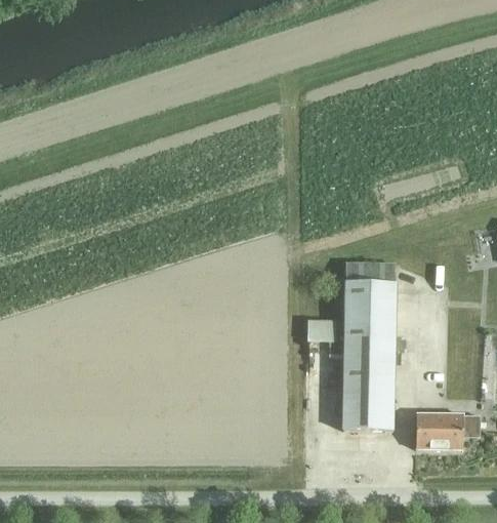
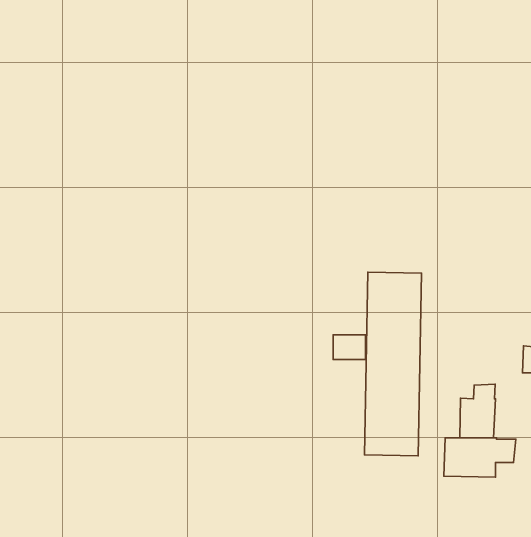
building: none -> [460,384,495,438]

